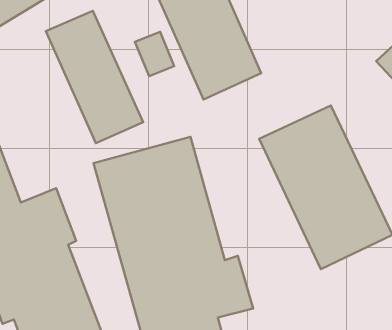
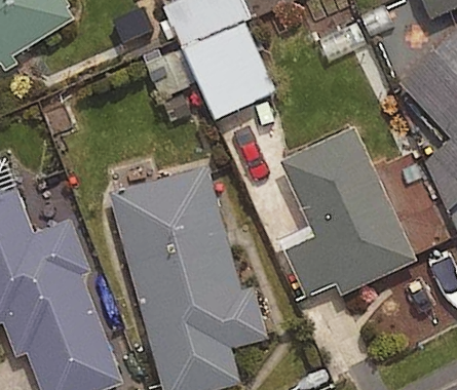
building: [46,11,143,143] -> none

